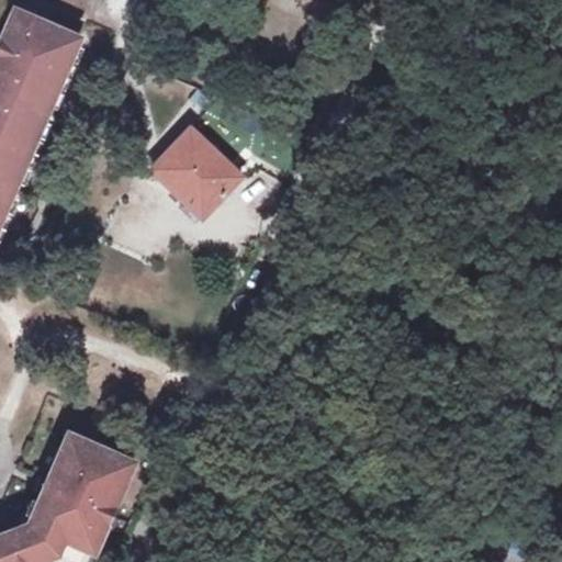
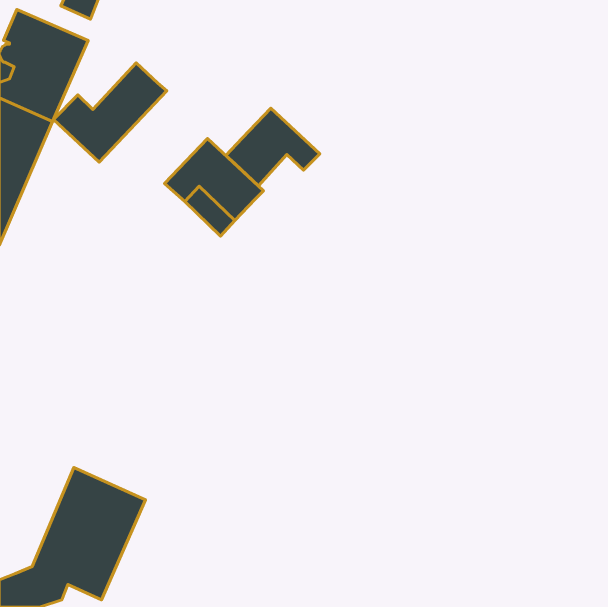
building: none -> [53,63,167,162]
building: none -> [226,108,320,186]

